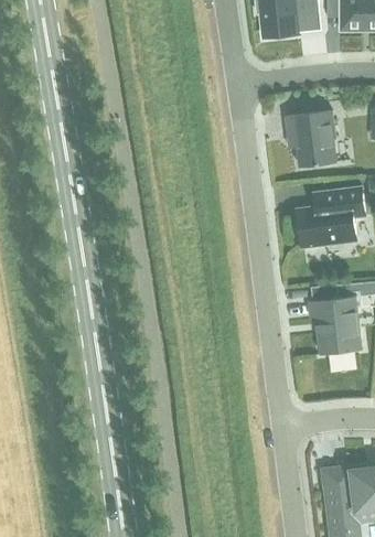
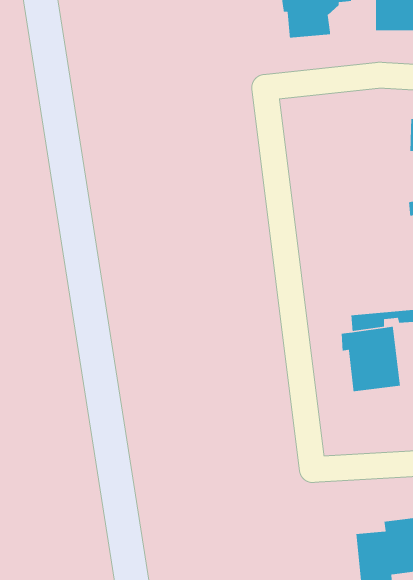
building: [285,110,335,168] -> none
building: [296,186,364,247] -> none

